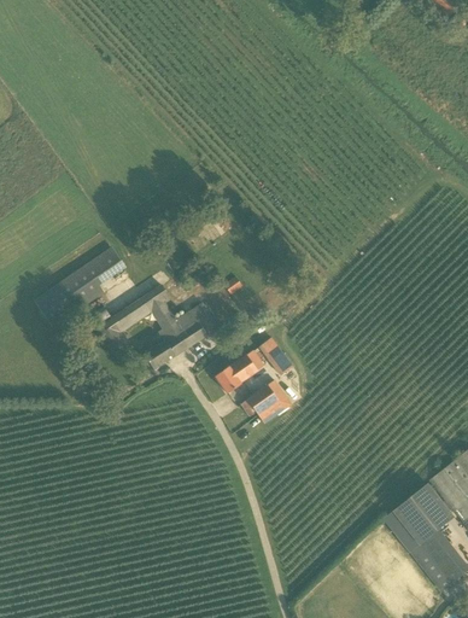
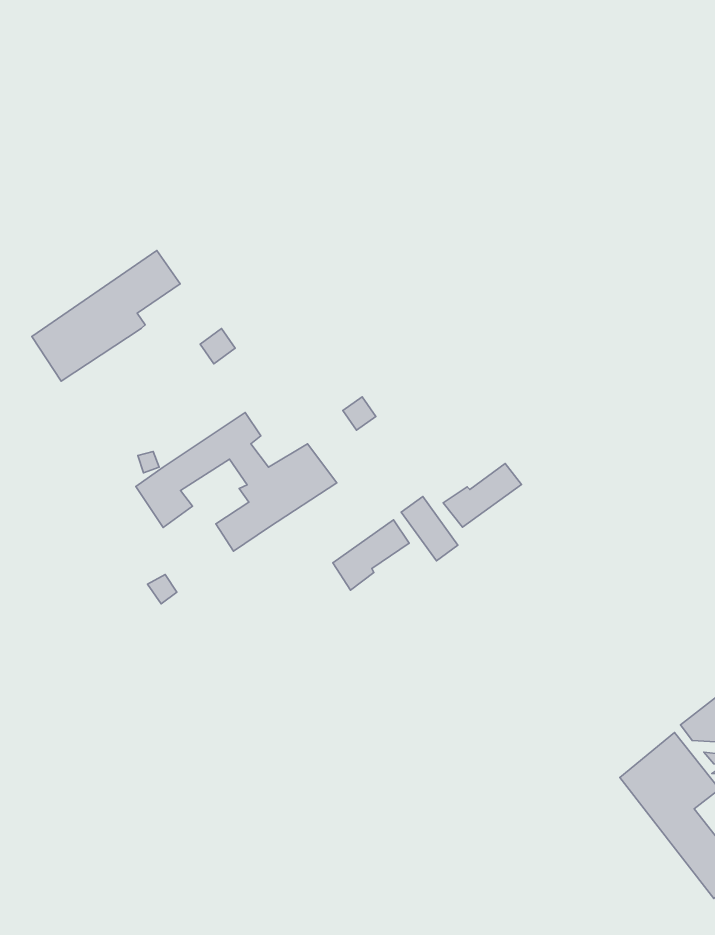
building: [35,247,127,328] -> [32,251,180,381]
building: none -> [443,463,522,527]
building: [248,381,292,424] -> none

